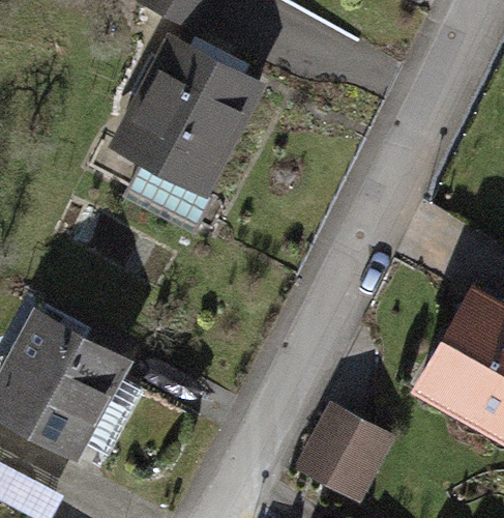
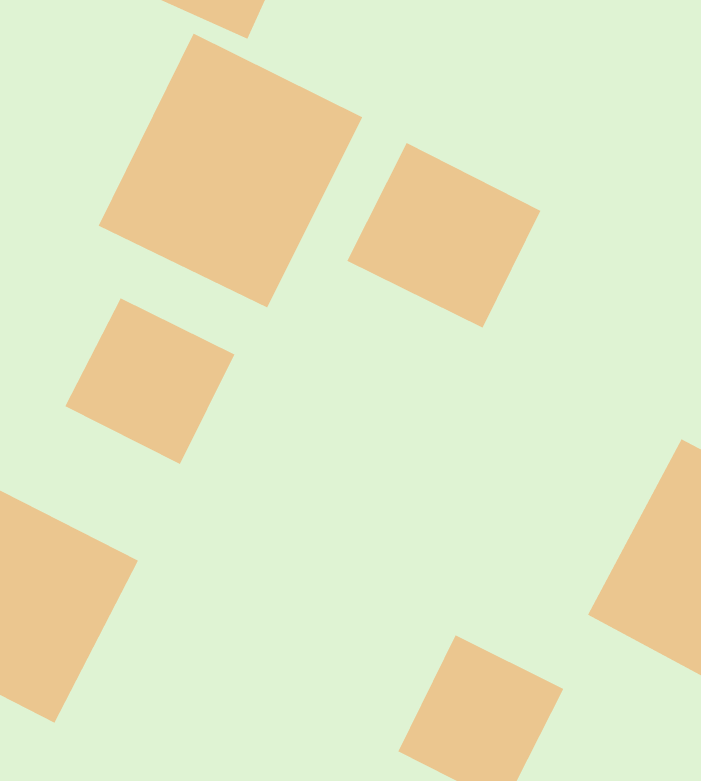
building: none -> [347,142,541,329]
building: none -> [65,297,235,465]

